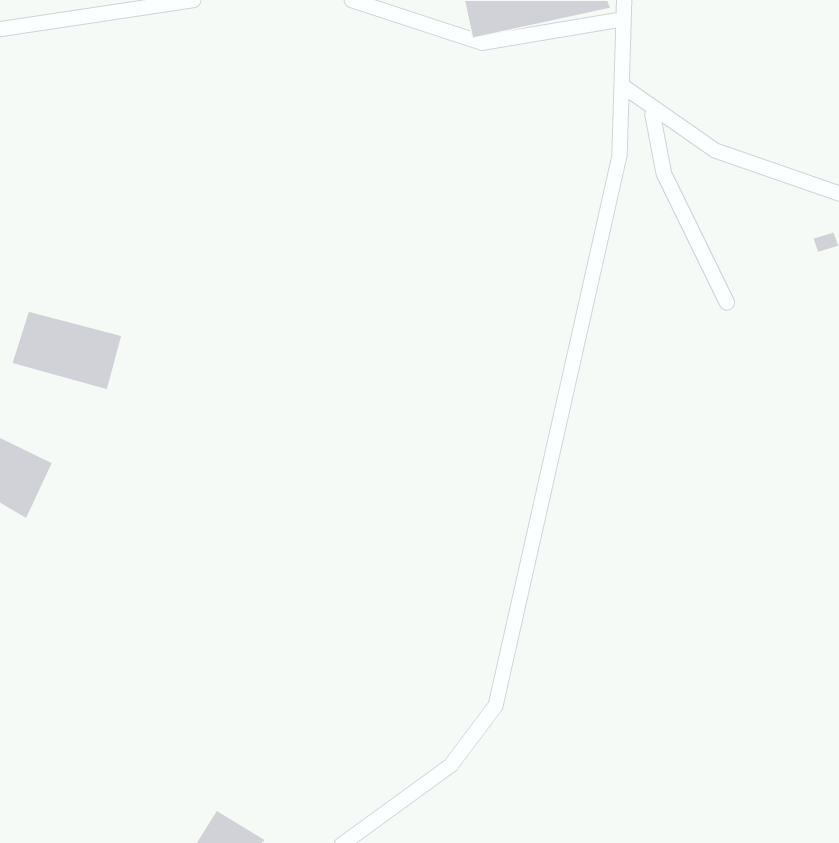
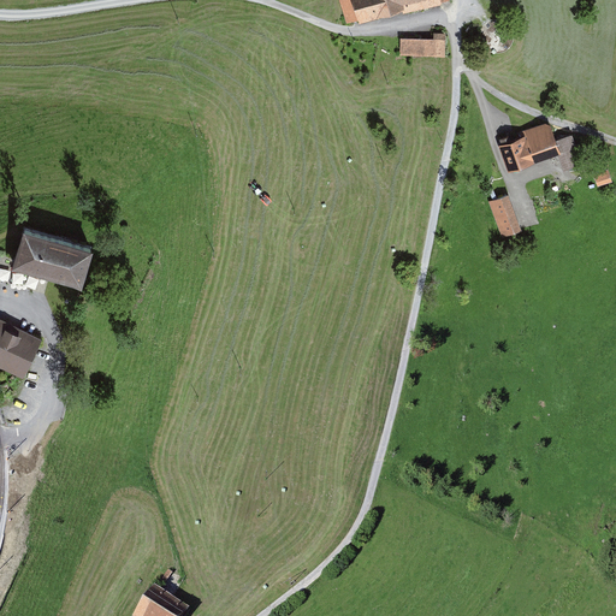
building: none -> [399,35,444,59]
building: none -> [502,123,564,173]
building: none -> [488,194,525,238]

